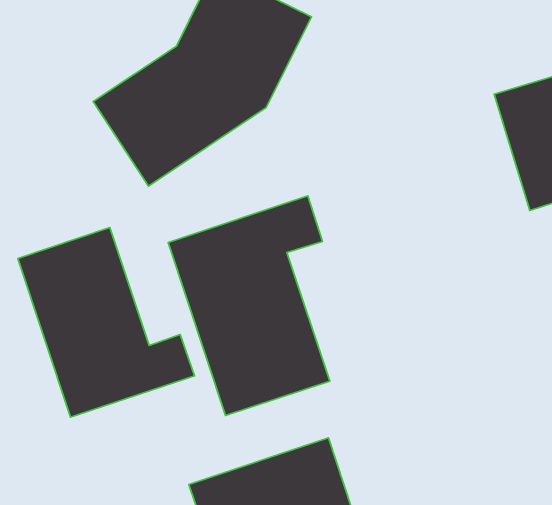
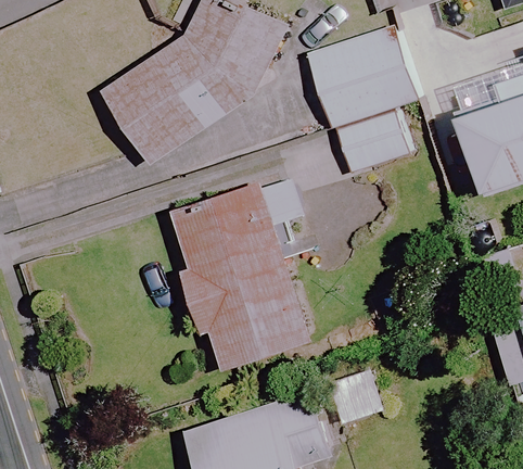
building: none -> [307,26,414,175]
building: [18,227,194,417] -> none

